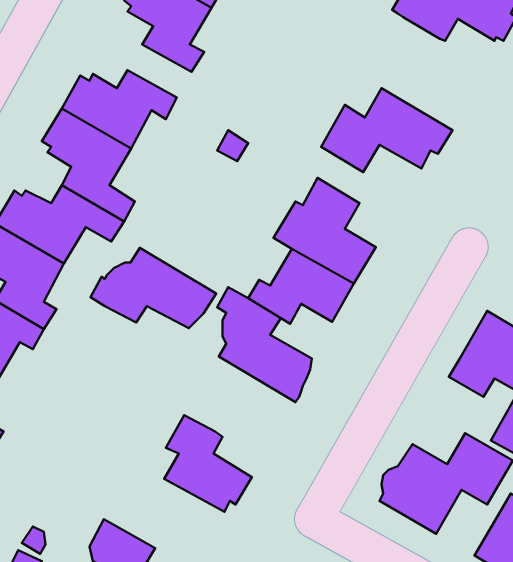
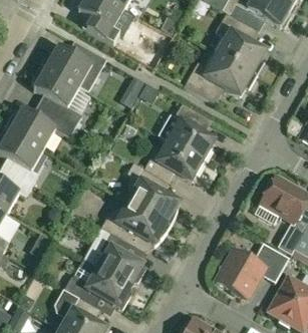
building: none -> [216,12,267,76]
building: [90,248,216,328] -> [101,201,171,245]
building: none -> [65,259,131,309]

